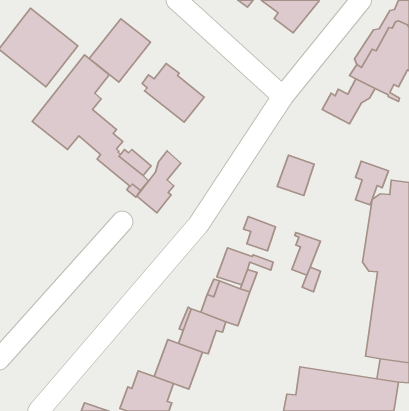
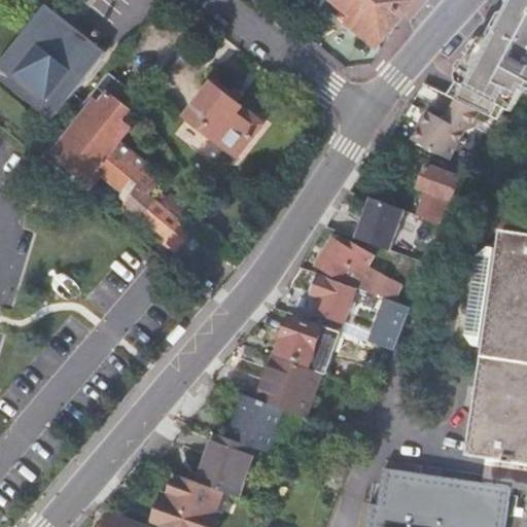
building: [89,19,151,82] -> none
building: [137,151,181,213] -> none
building: [356,161,389,205] -> [419,166,461,221]
building: none -> [314,238,382,295]

